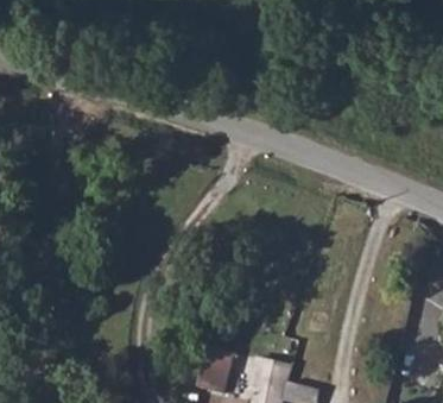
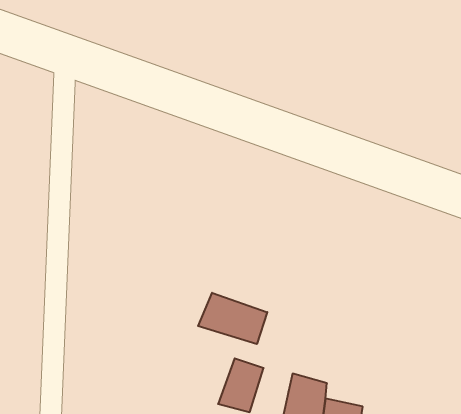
building: none -> [198,293,267,344]

